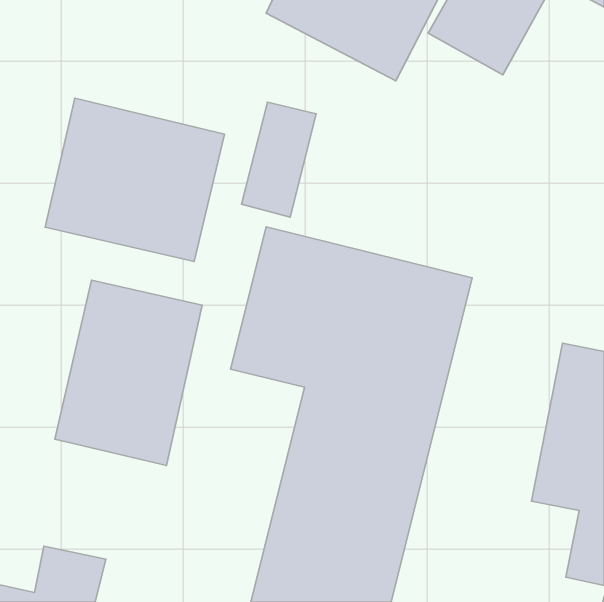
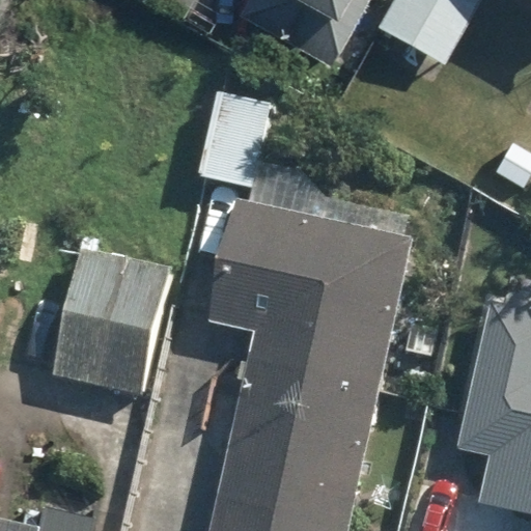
building: [45,98,224,262] -> none

